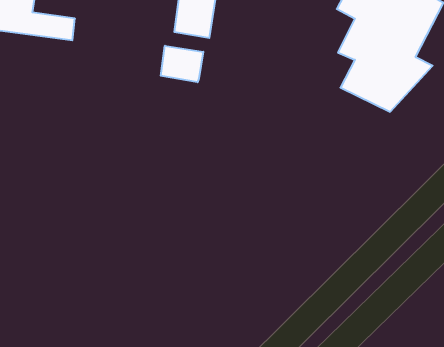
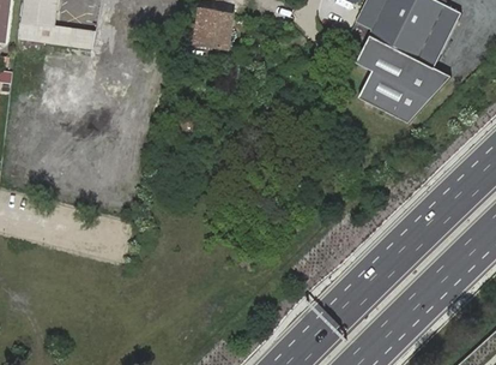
building: [161,46,203,82] -> none

